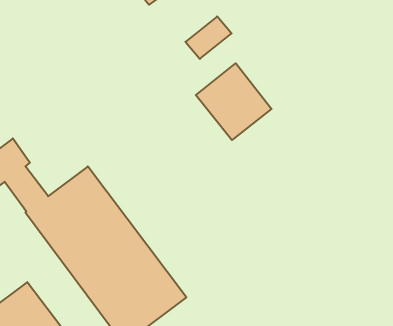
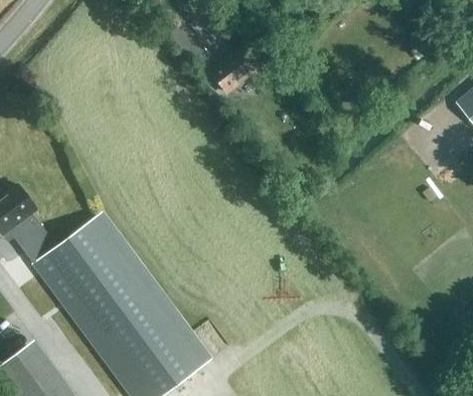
building: [196,63,272,140] -> none

